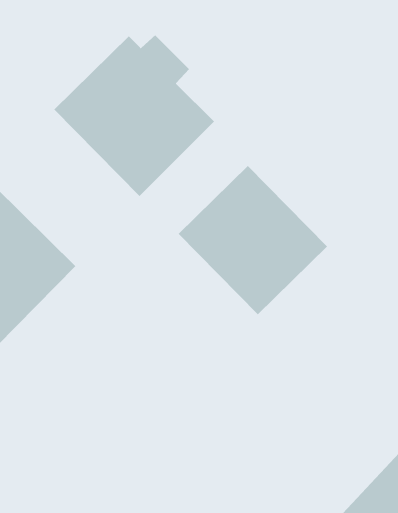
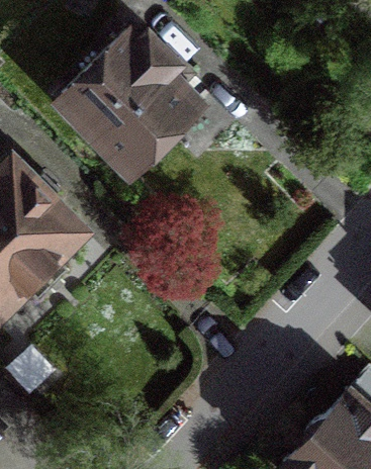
building: [178,165,328,315] -> none

